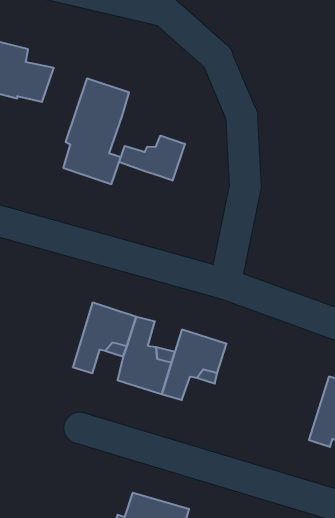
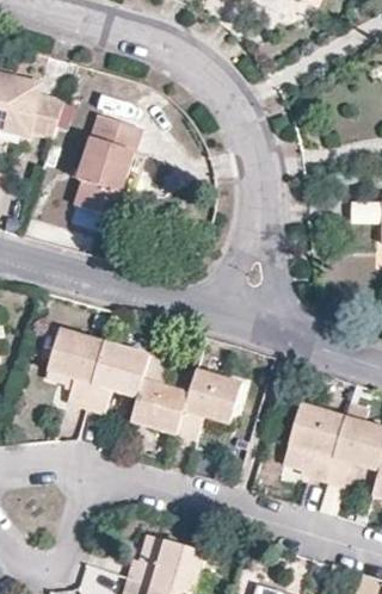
building: [119,136,185,181] -> none
building: none -> [44,327,105,406]
building: none -> [283,401,345,479]

